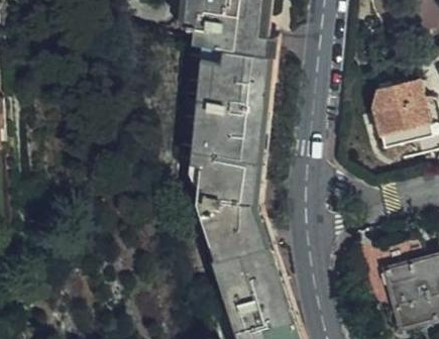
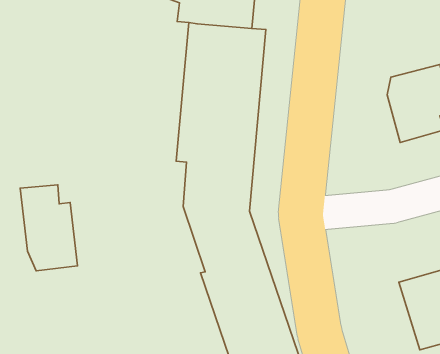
building: none -> [20,185,78,271]

